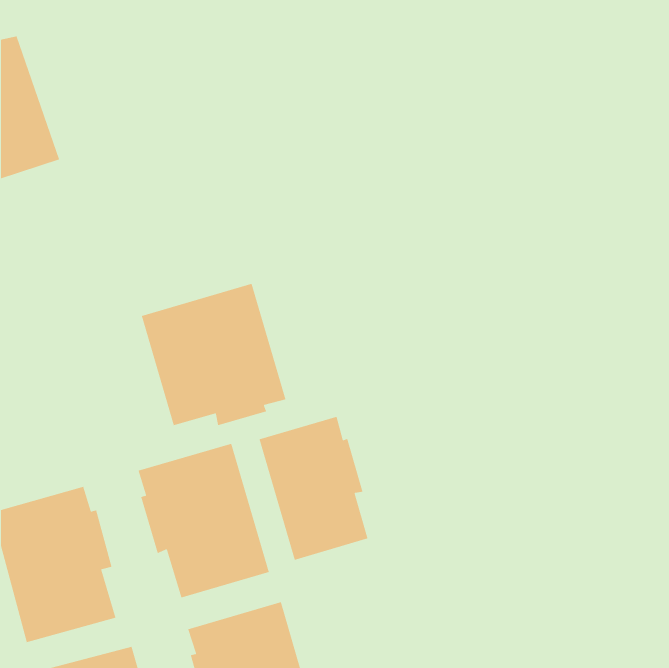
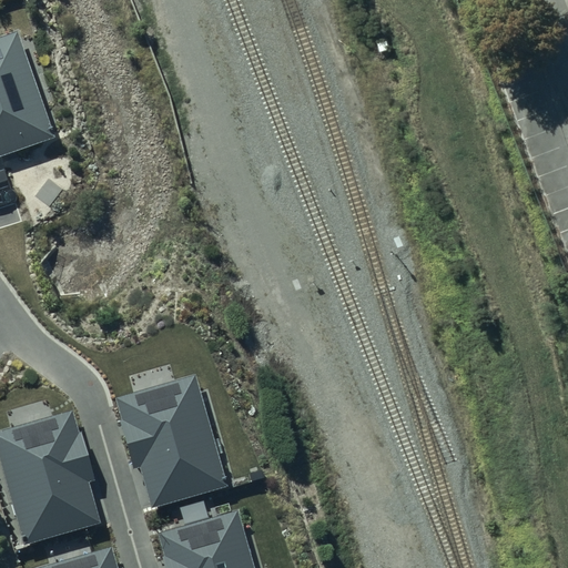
building: [141,283,287,426] -> none
building: [258,416,369,561] -> none

